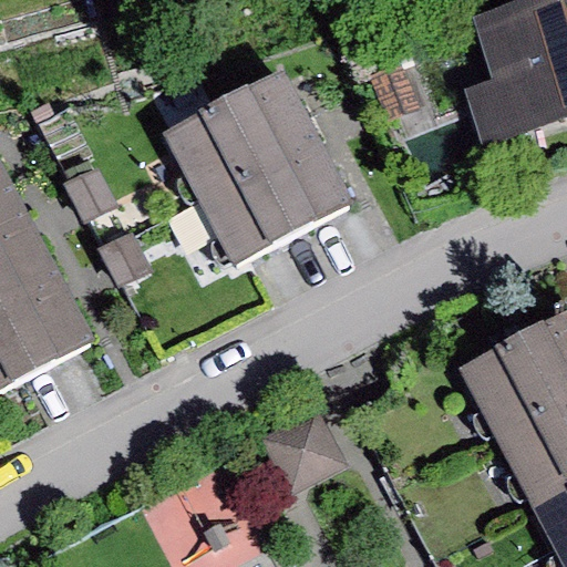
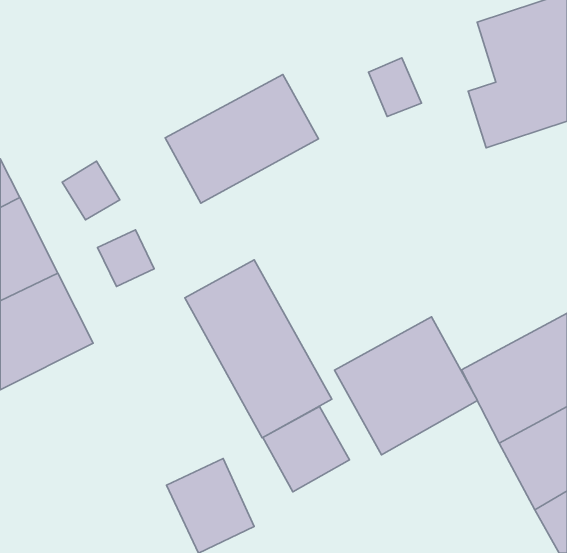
building: [200,138,350,261] -> none
building: none -> [185,260,332,438]
building: none -> [335,317,477,455]

